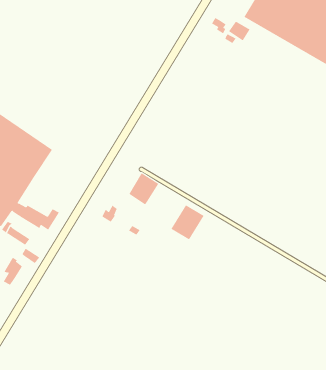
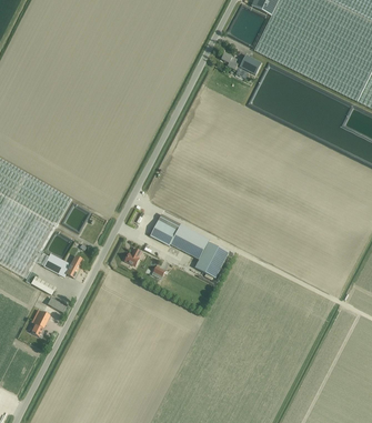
building: none -> [169,223,209,259]

